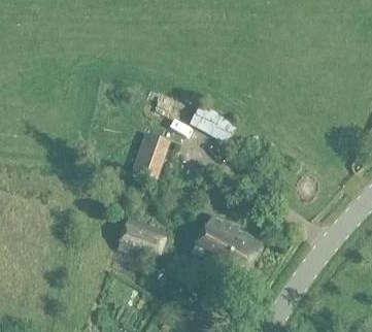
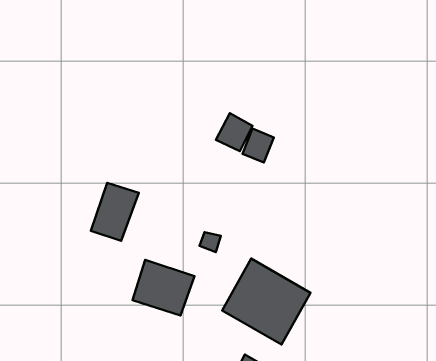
building: [131,133,170,180] -> [91,183,139,241]

